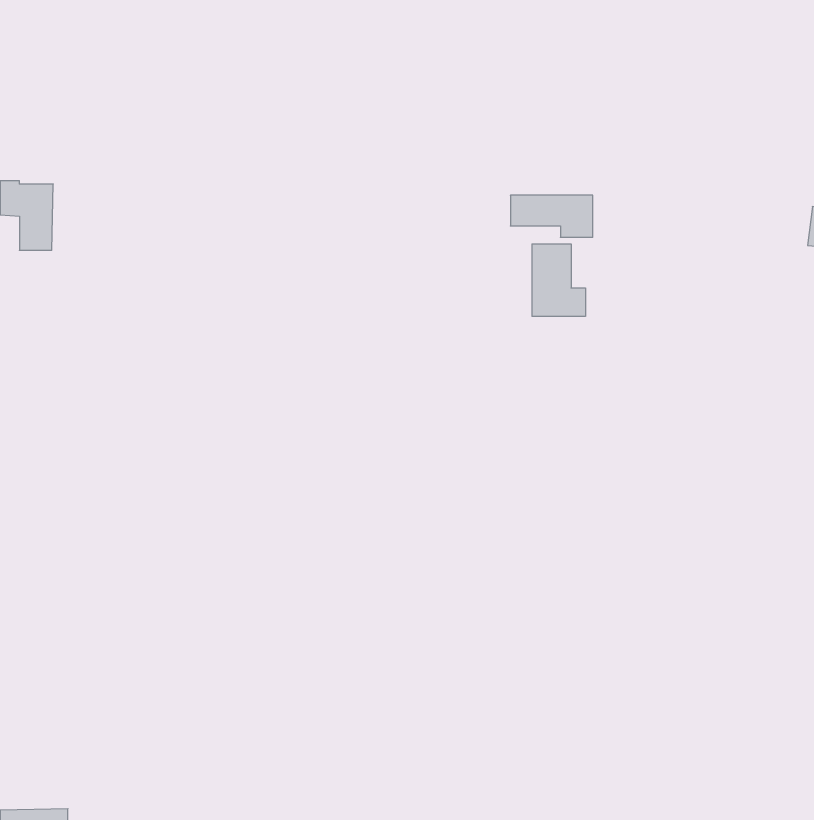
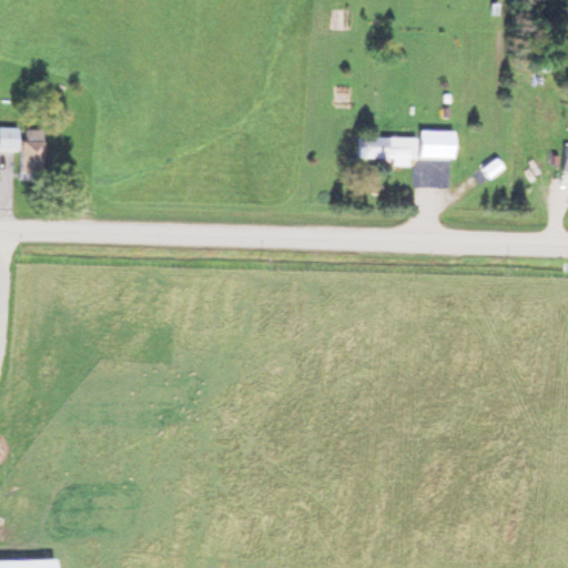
building: none -> [419,131,454,159]
building: [532,244,585,316] -> none

